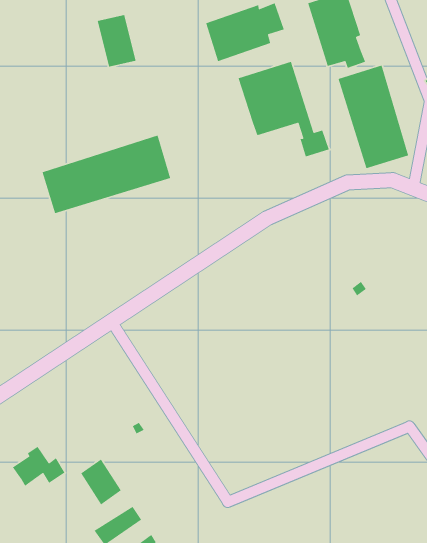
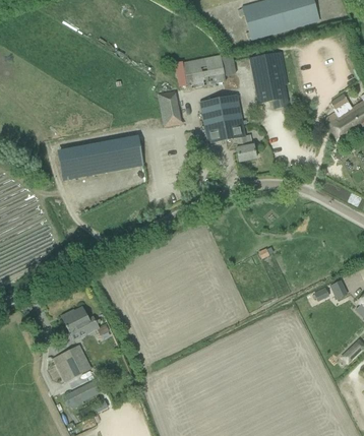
building: [97,14,137,68] -> [159,90,182,125]
building: [338,64,409,169] -> none
building: [12,446,66,487] -> [62,307,98,333]

